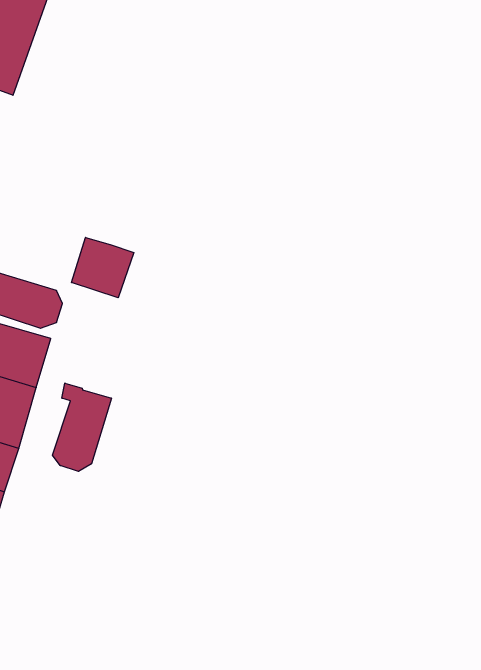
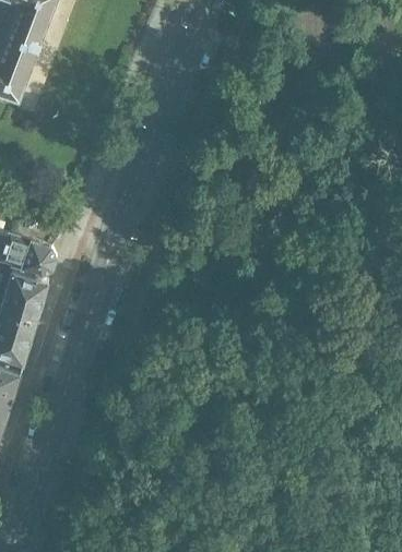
building: [72,237,134,298] -> none
building: [53,383,111,471] -> none

